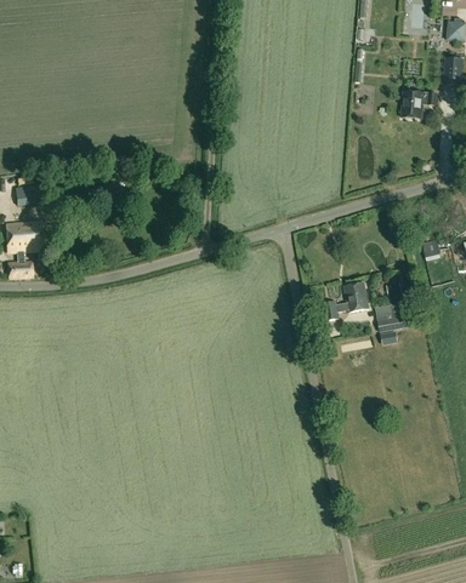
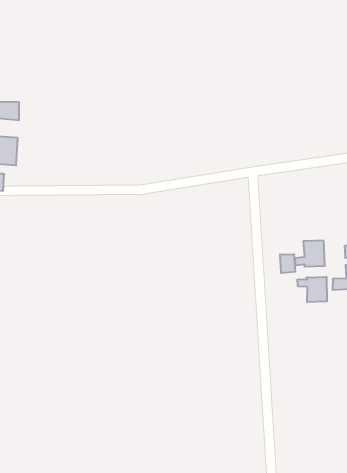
building: none -> [298,277,327,302]

